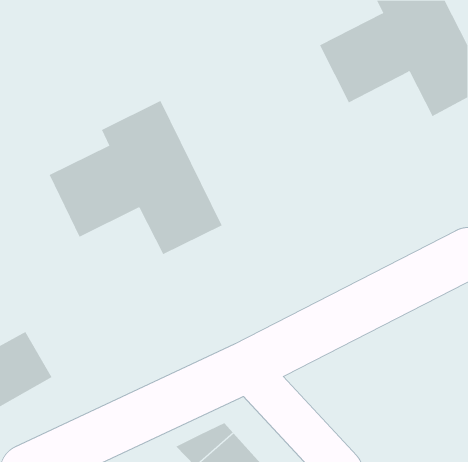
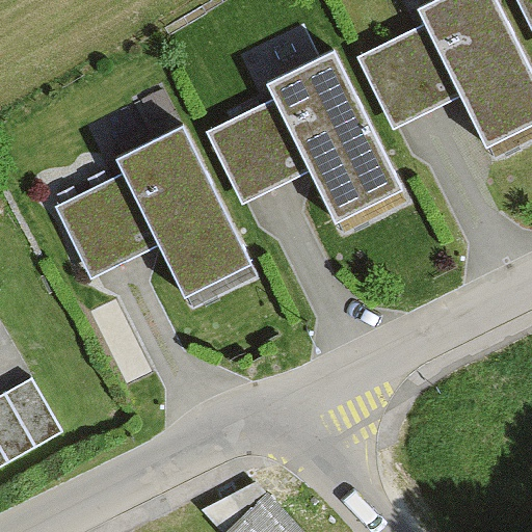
building: none -> [208,50,400,217]

